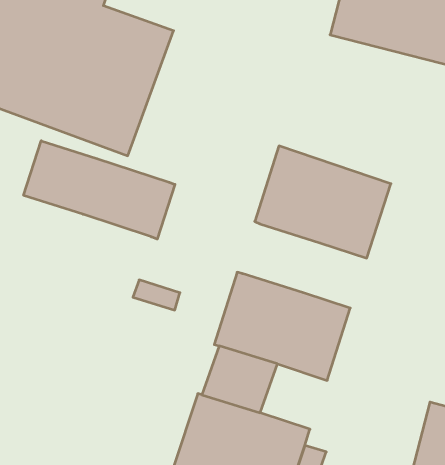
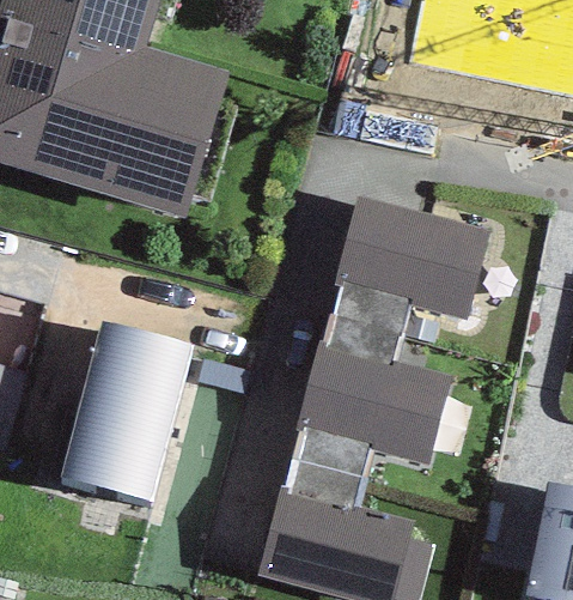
building: [24,141,175,239] -> none
building: none -> [323,286,410,363]
building: none -> [60,322,191,501]

